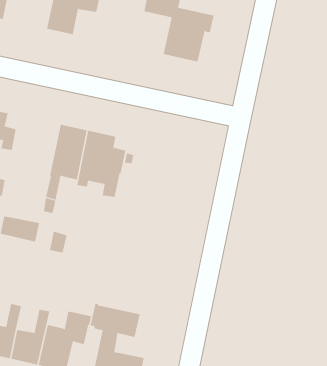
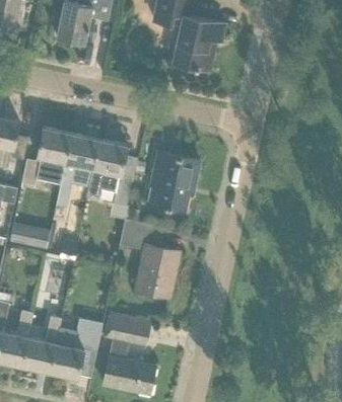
building: none -> [20,127,70,186]
building: none -> [145,150,198,213]
building: none -> [118,219,180,298]

